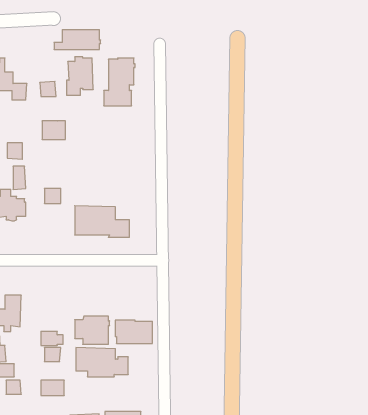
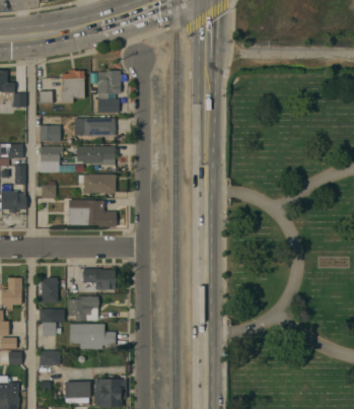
building: [54,30,101,49] -> [75,119,116,136]
building: none -> [40,147,62,173]
building: none -> [76,147,114,165]
building: none -> [78,175,115,194]
building: none -> [39,278,57,302]
building: [115,320,152,343] -> [82,269,115,289]

